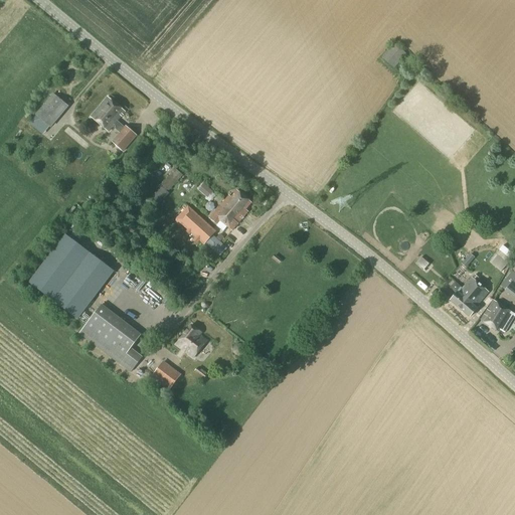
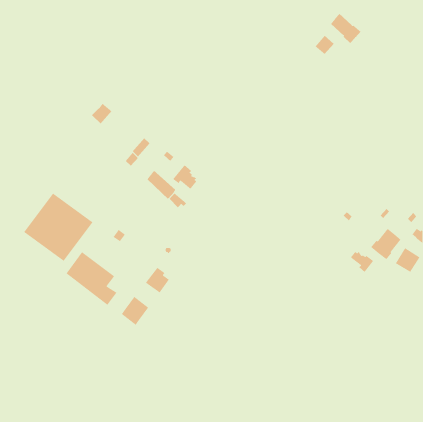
building: none -> [330,13,361,44]
building: [35,92,68,127] -> none
building: [91,96,125,131] -> none
building: [224,189,251,220] -> none
building: none -> [350,251,374,273]

